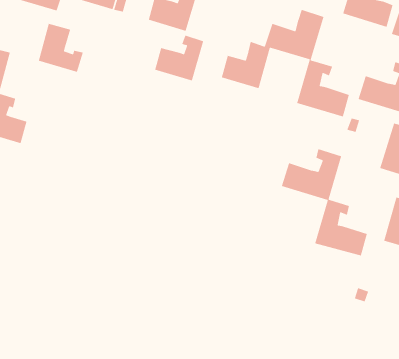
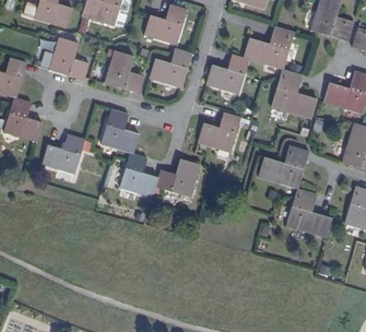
building: none -> [98,49,144,93]
building: none -> [101,108,201,198]
building: none -> [198,111,241,152]
building: none -> [43,133,85,174]

